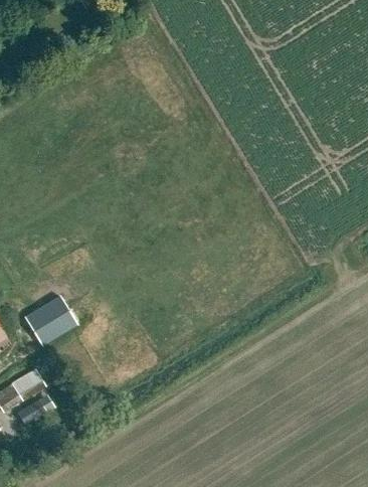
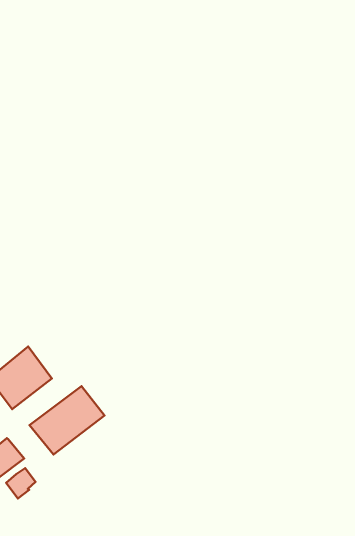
building: none -> [29,386,104,455]

